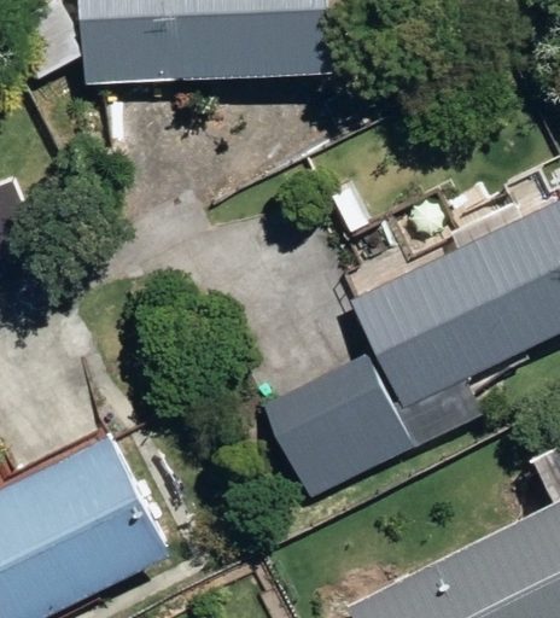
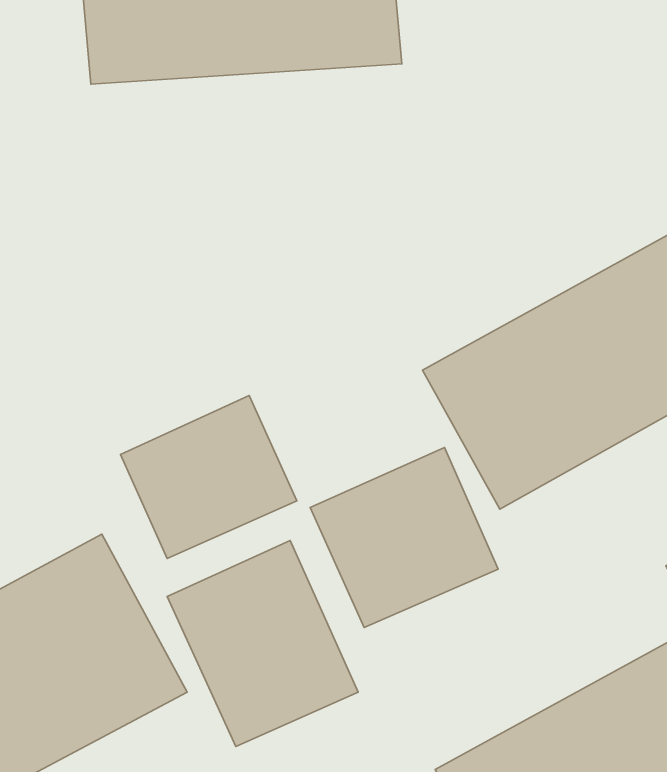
building: none -> [121,396,297,559]
building: none -> [167,541,358,747]

